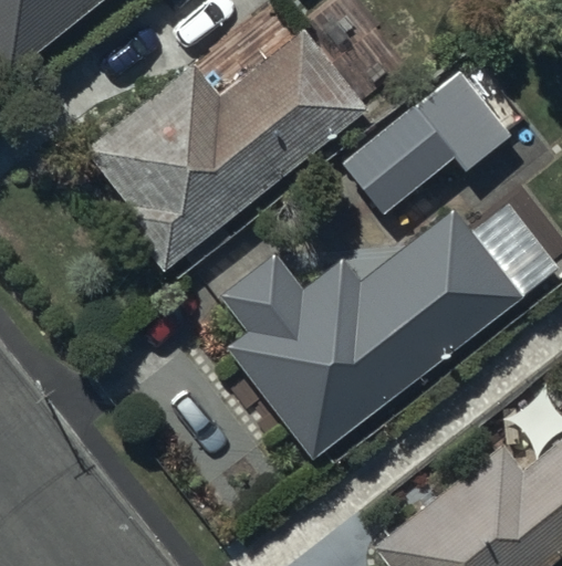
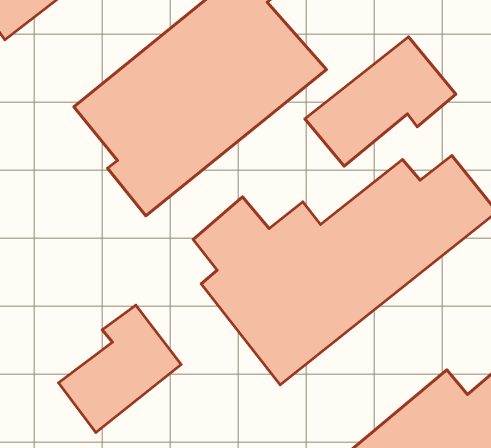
building: none -> [58,305,181,432]

